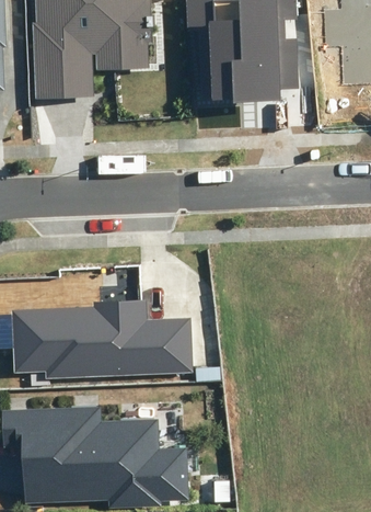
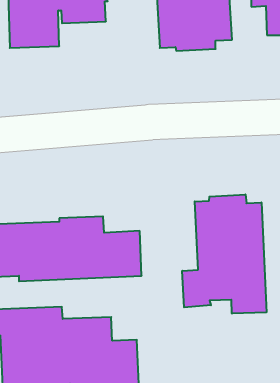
building: none -> [182,194,266,314]

